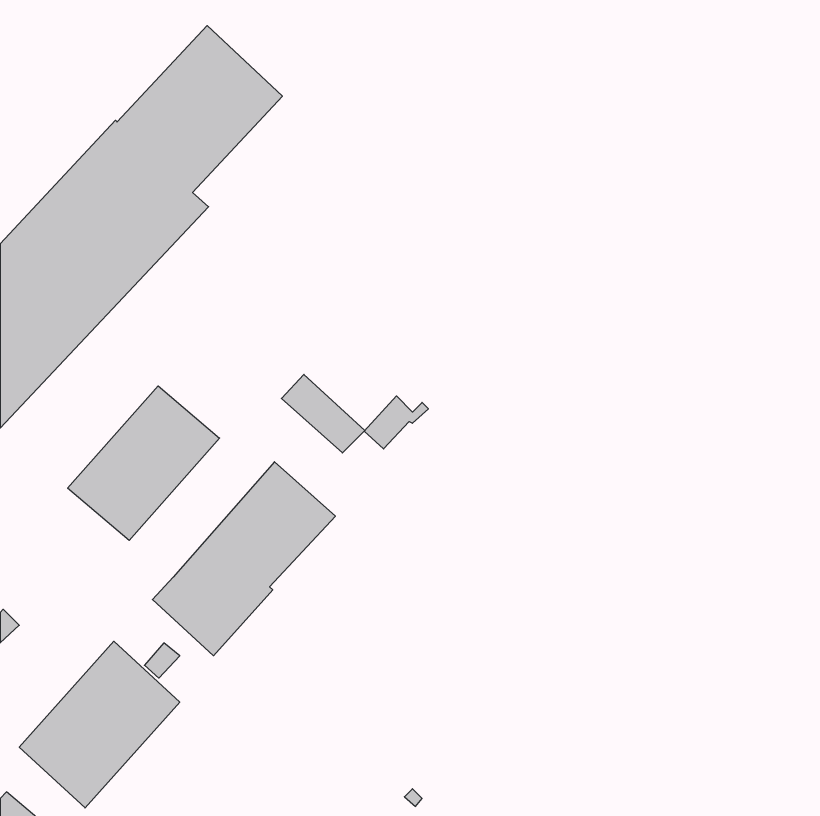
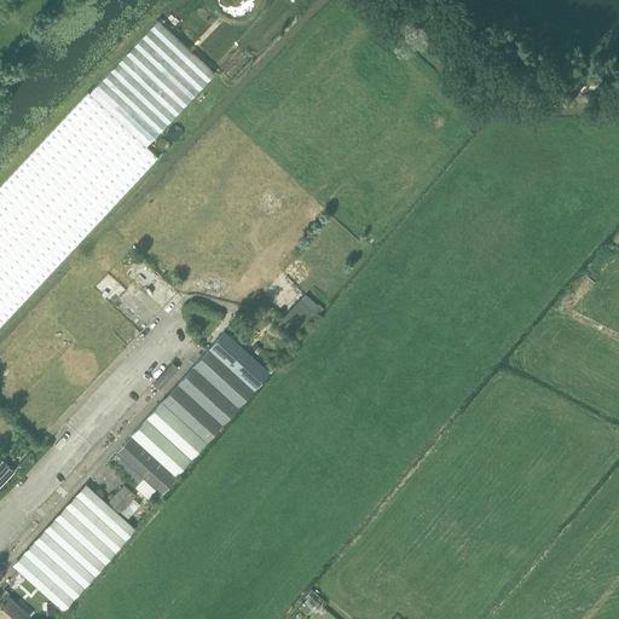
building: [281,374,365,453] -> [207,332,270,392]
building: [68,386,220,540] -> none

